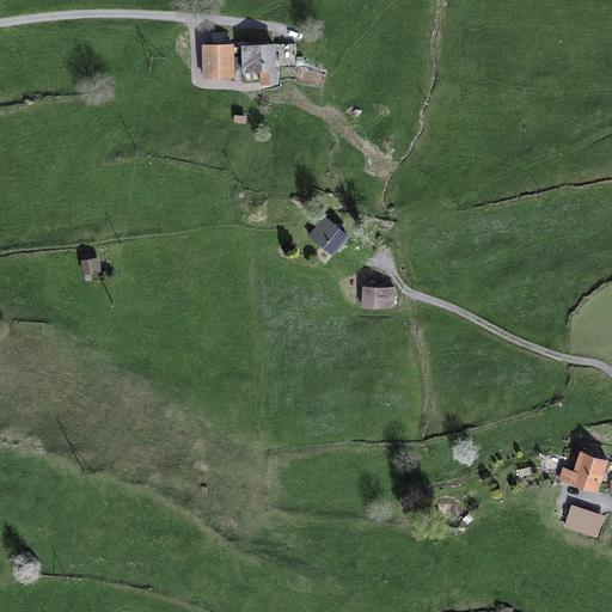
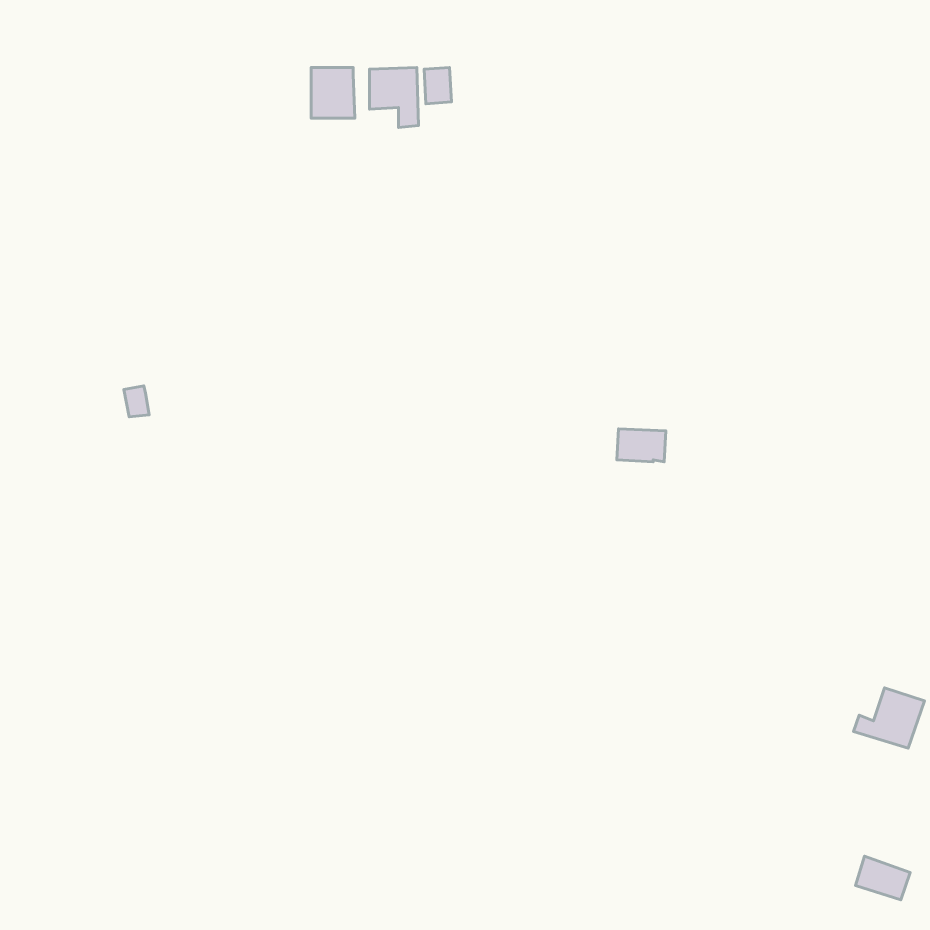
building: [310,216,347,253] -> none
building: [362,286,394,307] -> [617,429,666,462]
building: [567,507,602,536] -> [855,856,910,900]

